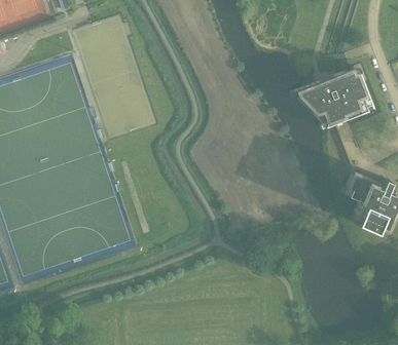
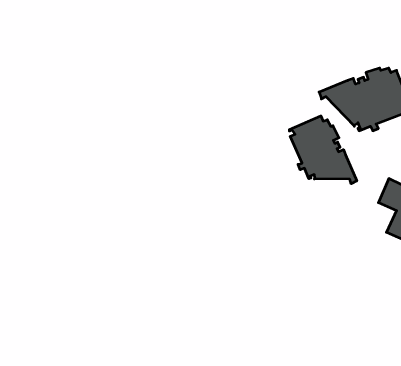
building: none -> [289,116,357,184]

